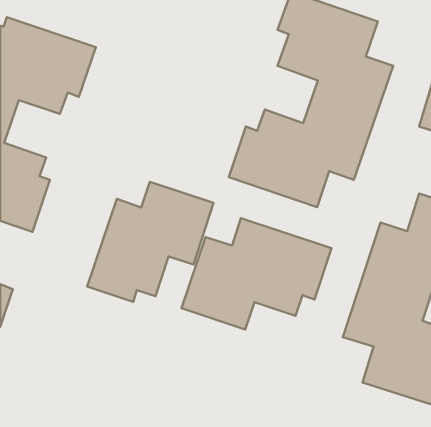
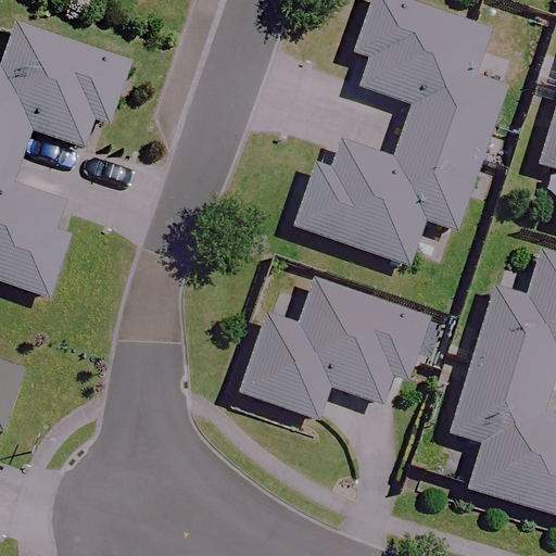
building: [87,182,214,302] -> none

